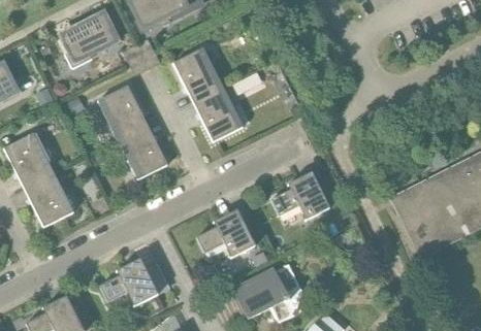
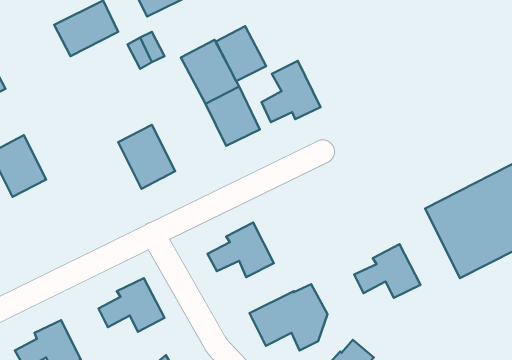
building: none -> [216,26,266,81]
building: none -> [261,61,320,122]
building: [98,85,148,137] -> none
building: [24,170,74,226] -> none
building: [271,171,330,219] -> [354,244,421,298]

